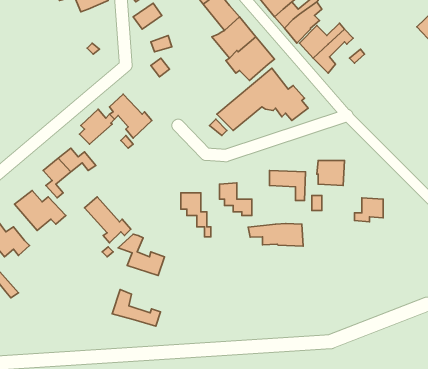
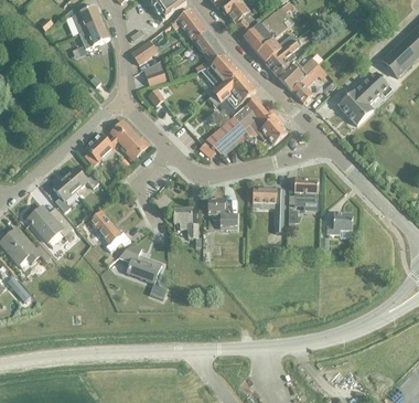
building: none -> [337,73,386,125]
building: [248,224,303,246] -> none
building: [112,289,161,326] -> none

